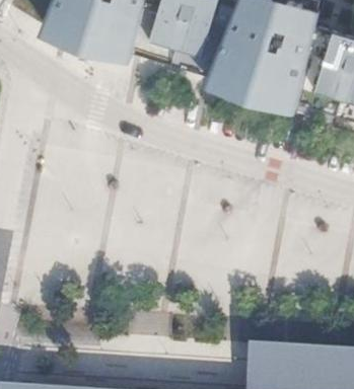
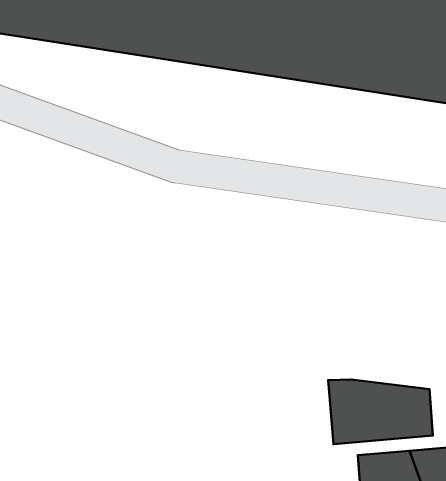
building: none -> [328,379,433,444]

